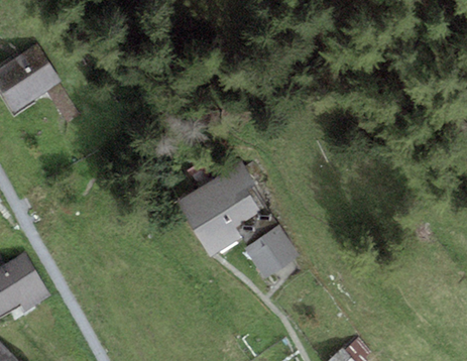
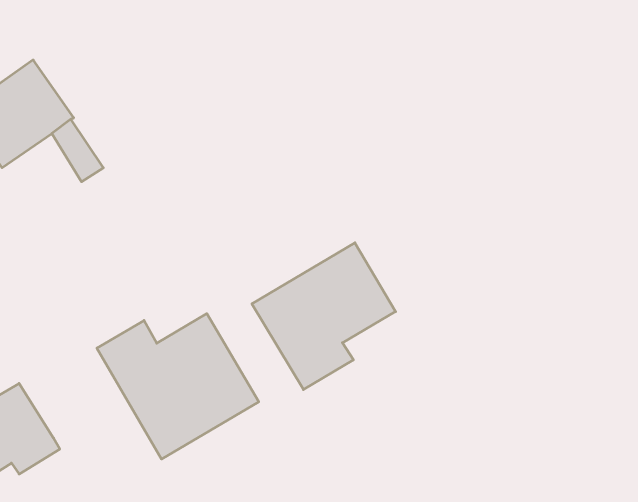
building: none -> [97,314,259,459]
building: [243,226,300,280] -> none

